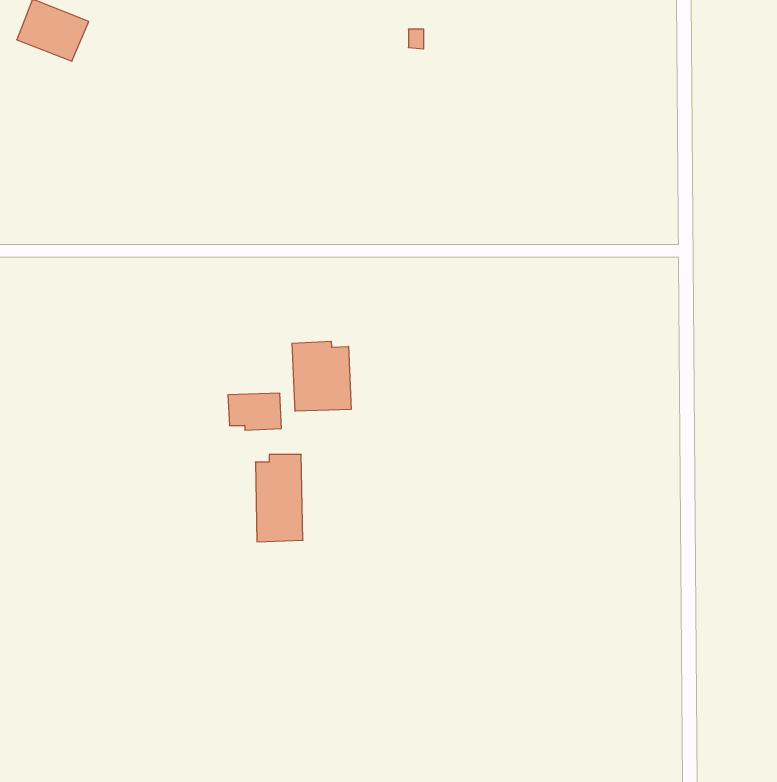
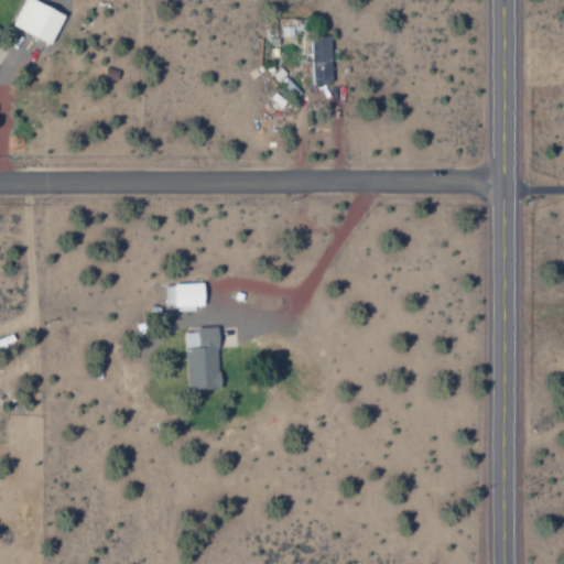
building: none -> [314,37,335,83]
building: [292,341,351,411] -> none

